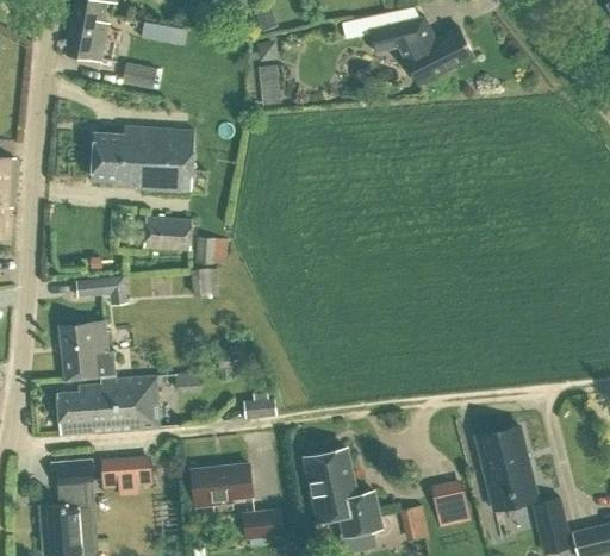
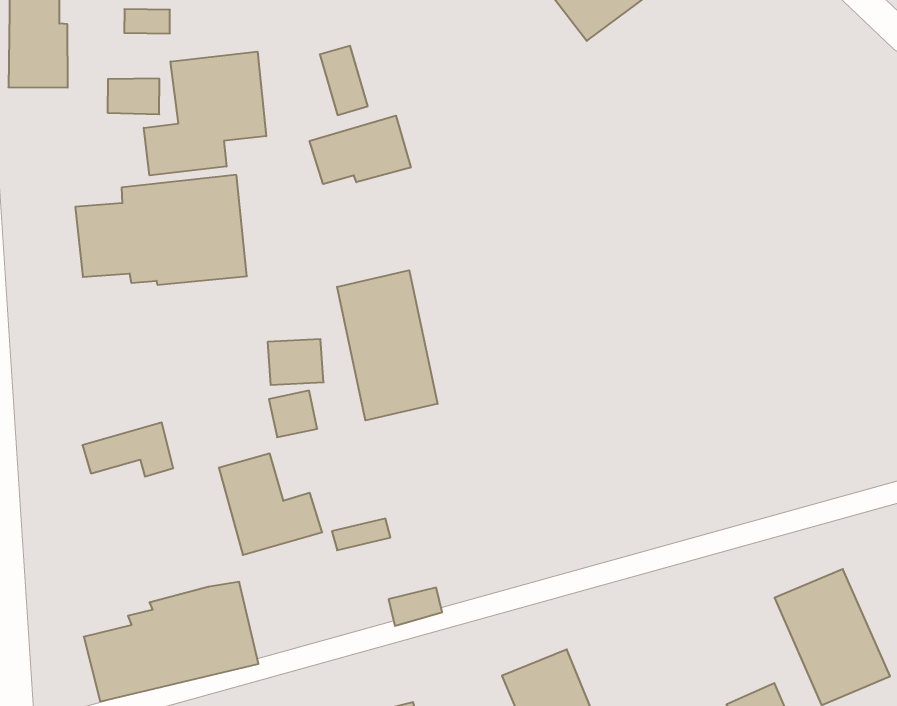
building: none -> [144,52,266,175]
building: none -> [310,116,411,184]
building: none -> [337,270,438,420]
building: [144,217,192,250] -> none
building: [60,324,116,382] -> [219,454,322,555]

